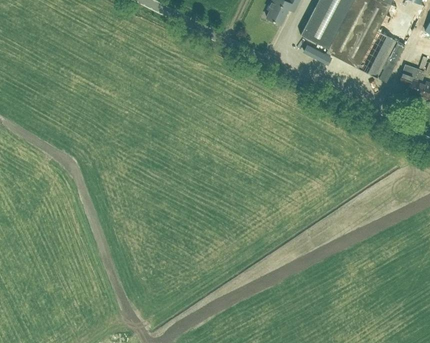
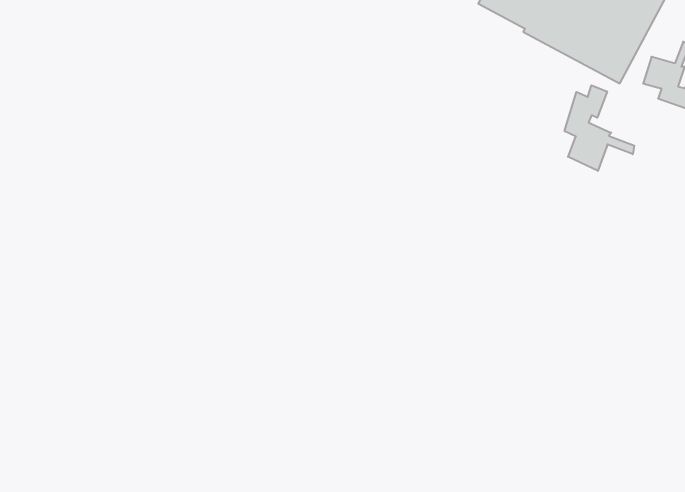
building: none -> [565,85,634,171]

